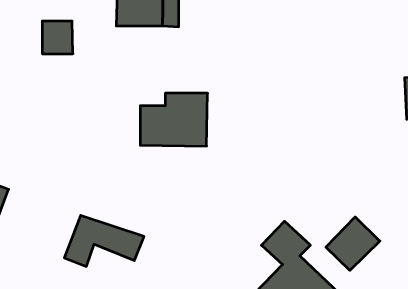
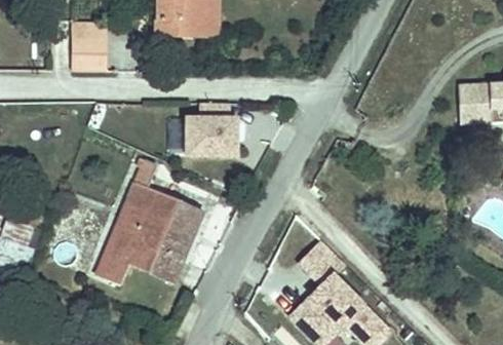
building: none -> [107,160,194,257]
building: [326,217,380,270] -> none

